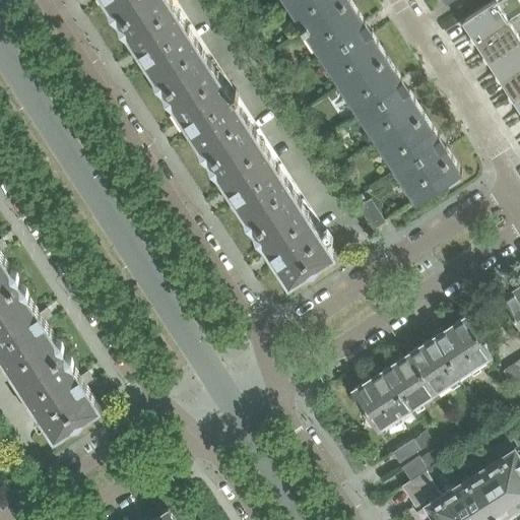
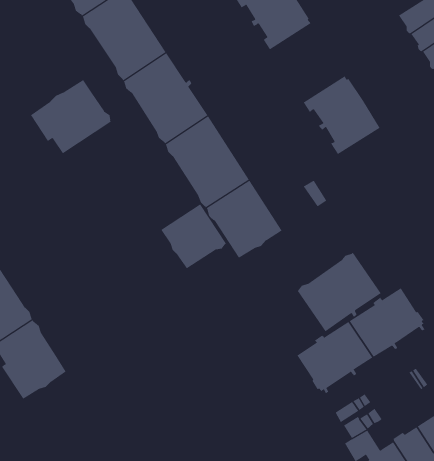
building: [321,32,403,119] -> none
building: none -> [30,79,112,154]
building: [395,146,461,206] -> none
building: none -> [161,204,226,269]
building: none -> [297,252,382,332]

